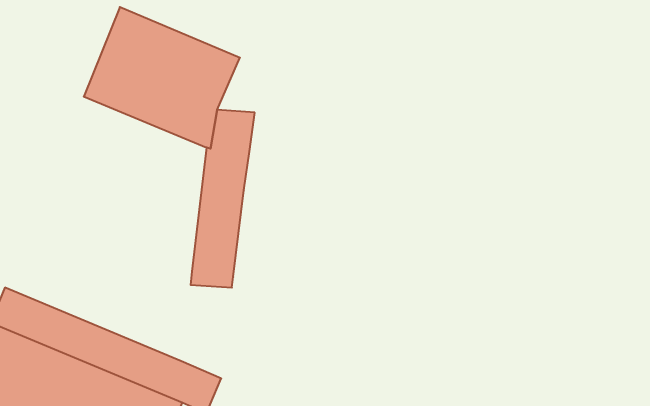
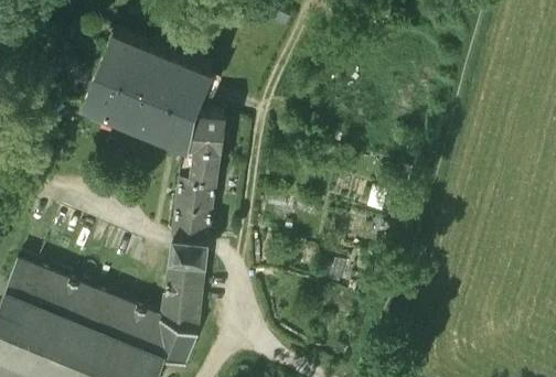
building: none -> [163,262,205,340]

